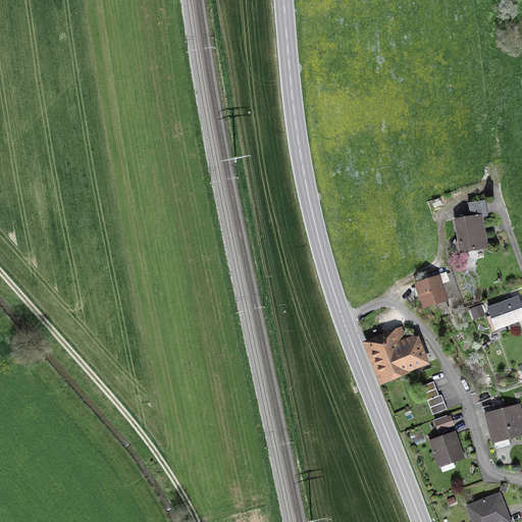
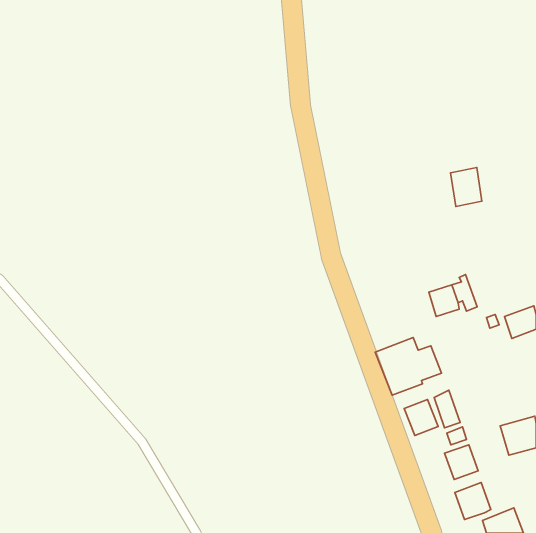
building: [456,215,486,253] -> [450,168,482,206]
building: none -> [404,399,438,436]
building: none -> [455,483,491,519]

